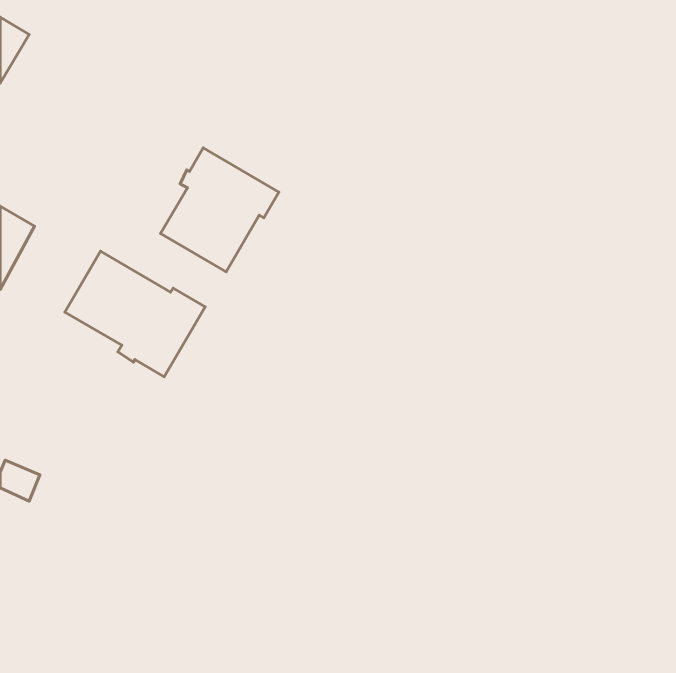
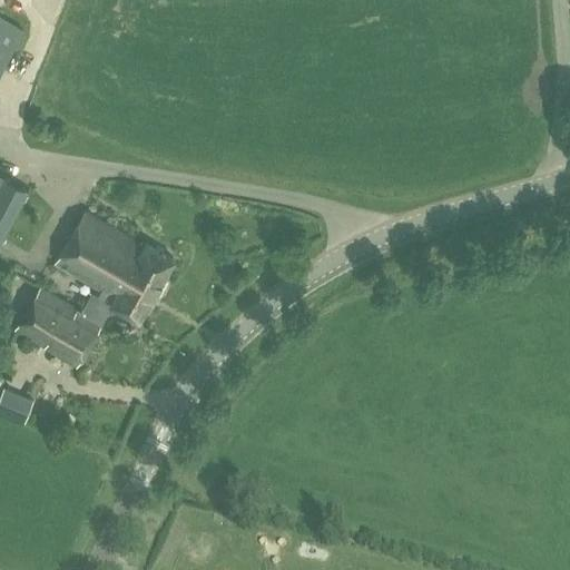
building: [160,148,279,272] -> none
building: none -> [14,288,112,367]

